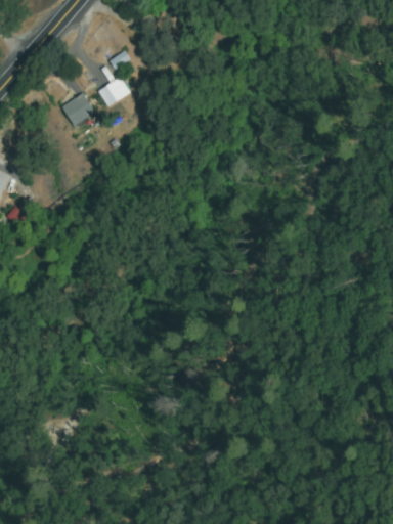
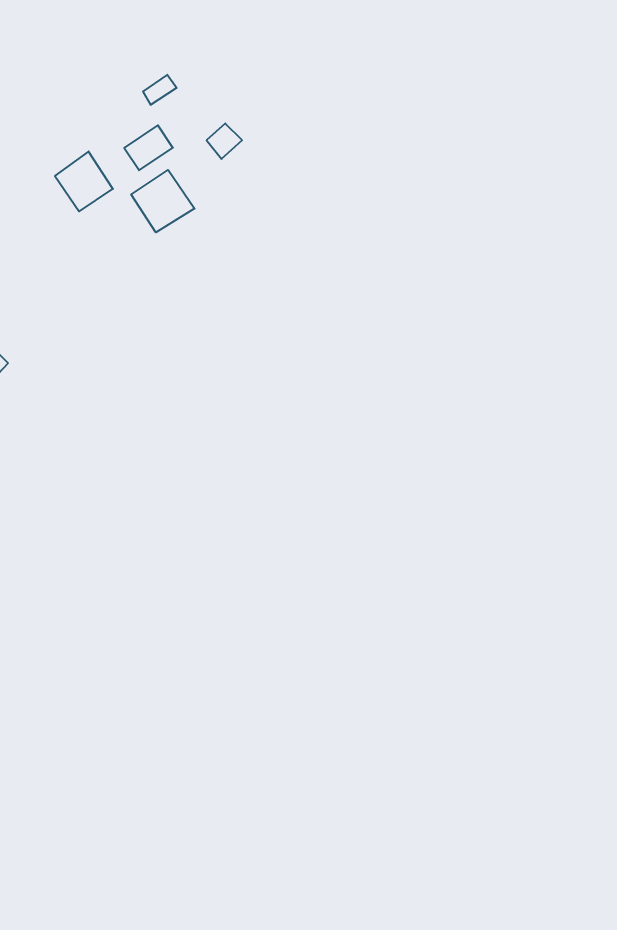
building: none -> [131,170,195,232]

